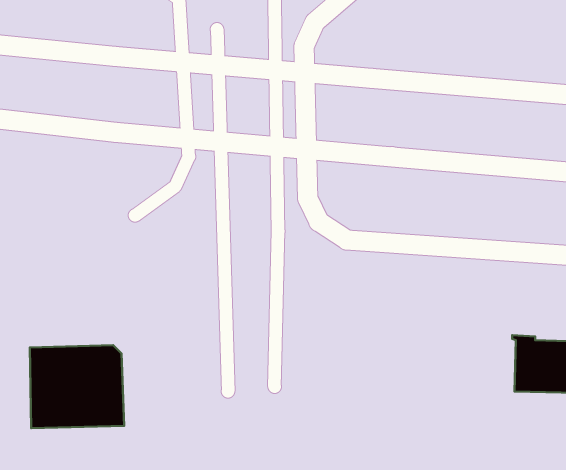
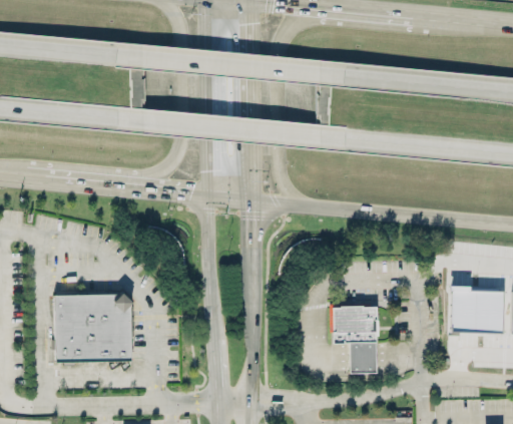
building: none -> [331,305,377,372]

